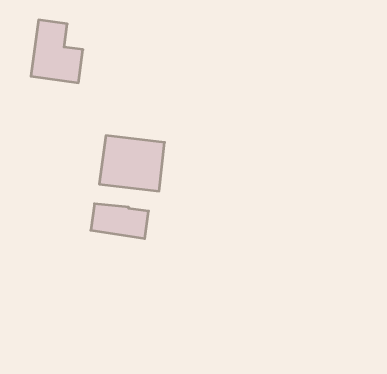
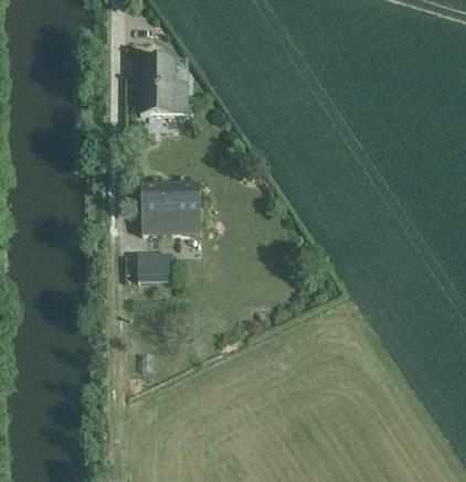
building: [31,20,83,83] -> [140,57,188,114]

